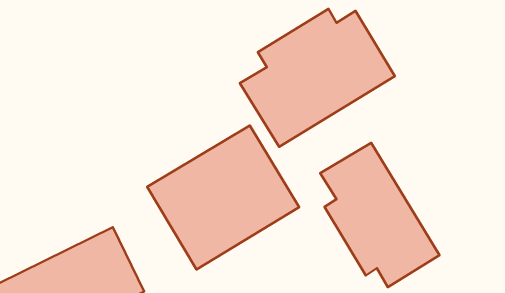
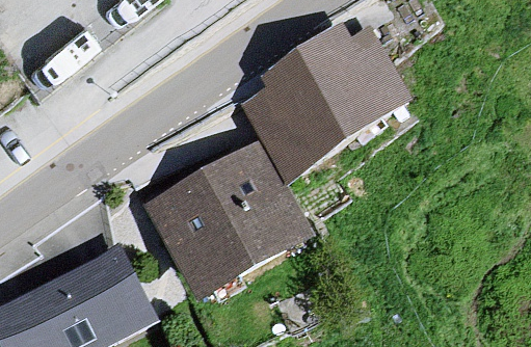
building: [320,143,439,287] -> none

